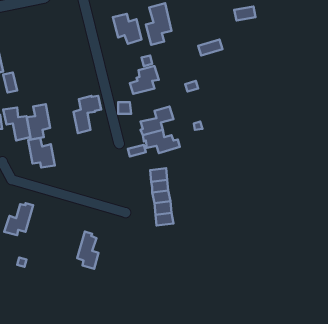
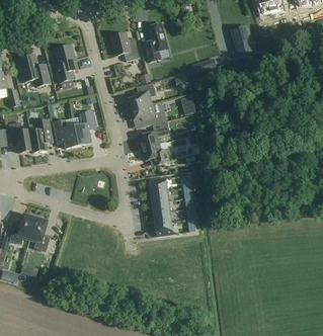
building: none -> [55,45,78,82]
building: none -> [19,54,51,86]
building: none -> [132,103,163,125]
building: [28,138,55,168] -> [54,119,79,148]
building: [77,232,99,269] -> [29,215,50,250]

